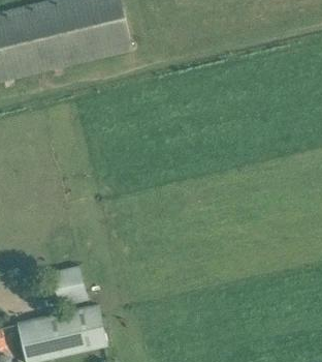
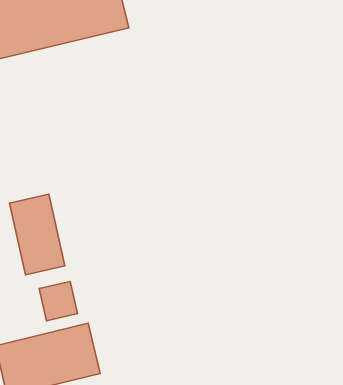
building: none -> [10,194,65,275]

